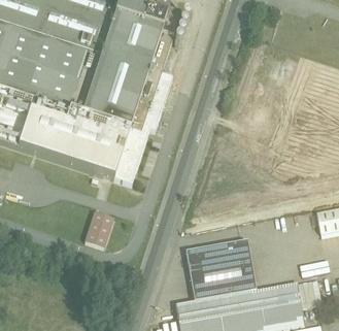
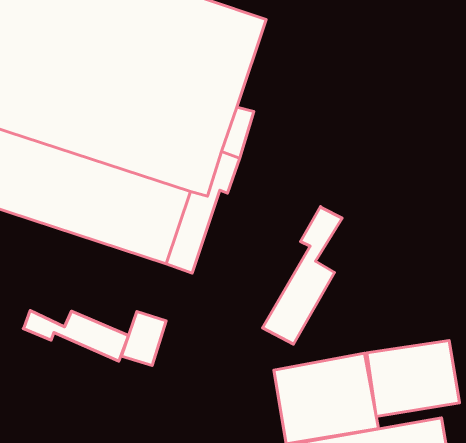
building: none -> [262,206,342,344]
building: none -> [23,311,128,361]
building: none -> [367,341,460,417]

